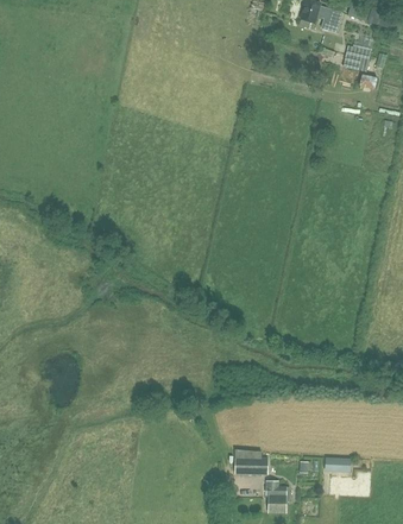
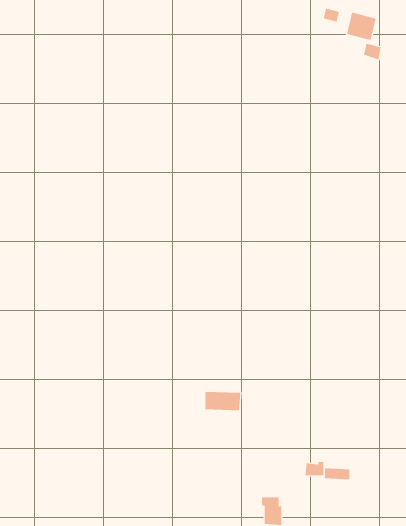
building: [234,455,267,473] -> [204,391,241,411]

